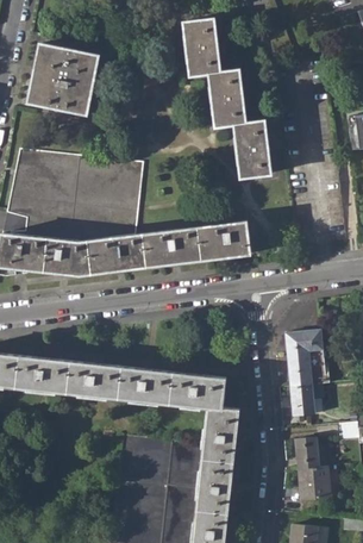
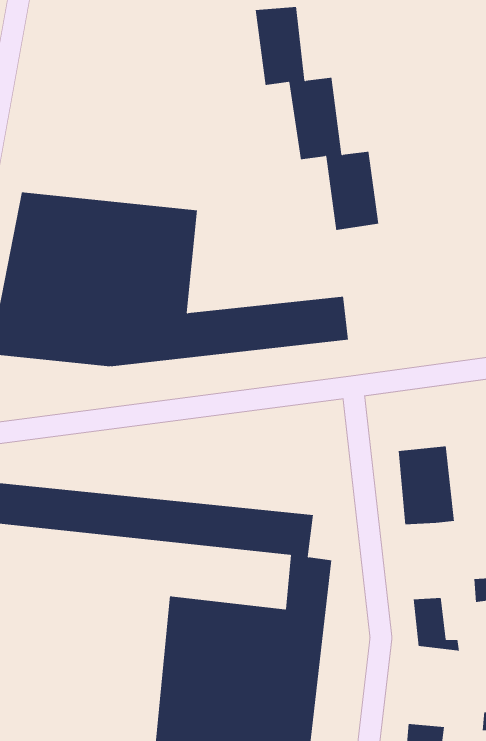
building: [27,44,99,113] -> none
building: [289,382,324,416] -> none
building: [299,470,330,497] -> none

